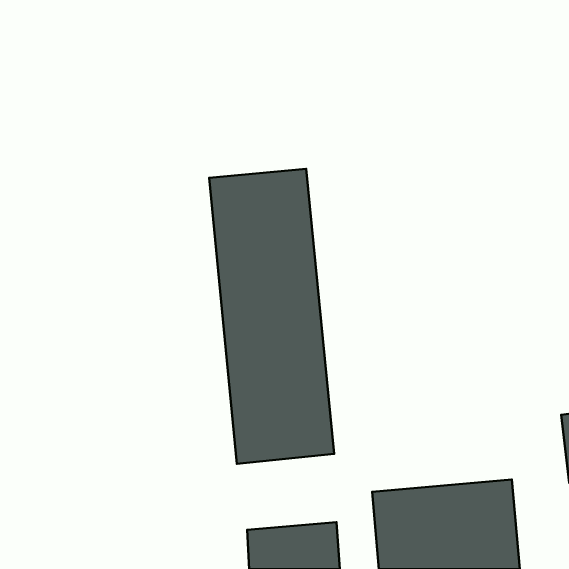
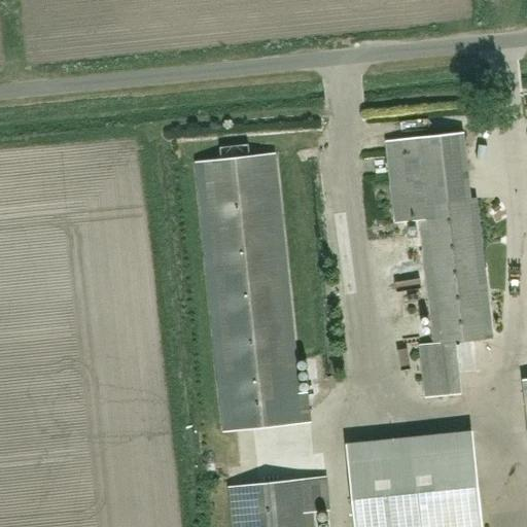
building: none -> [384,131,494,401]

